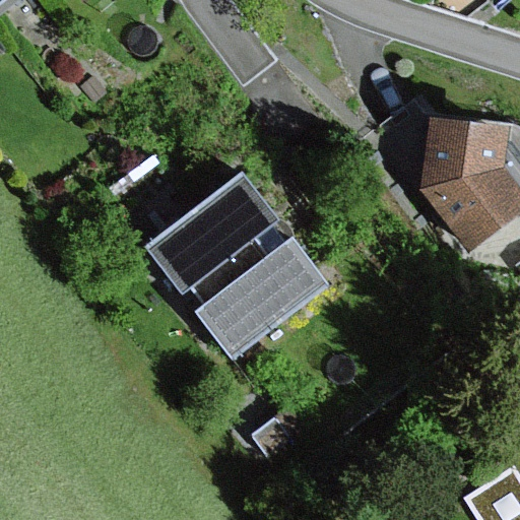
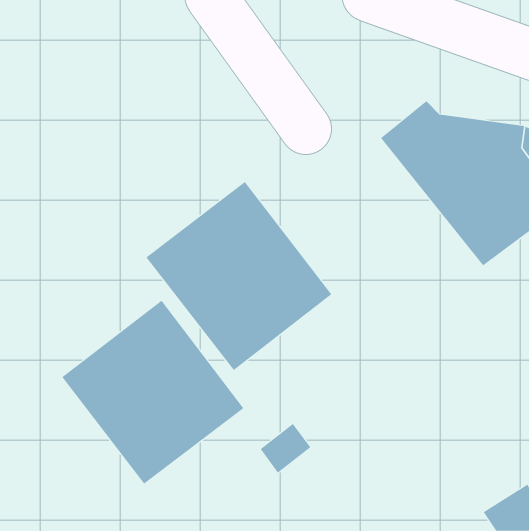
building: none -> [61,300,244,484]

